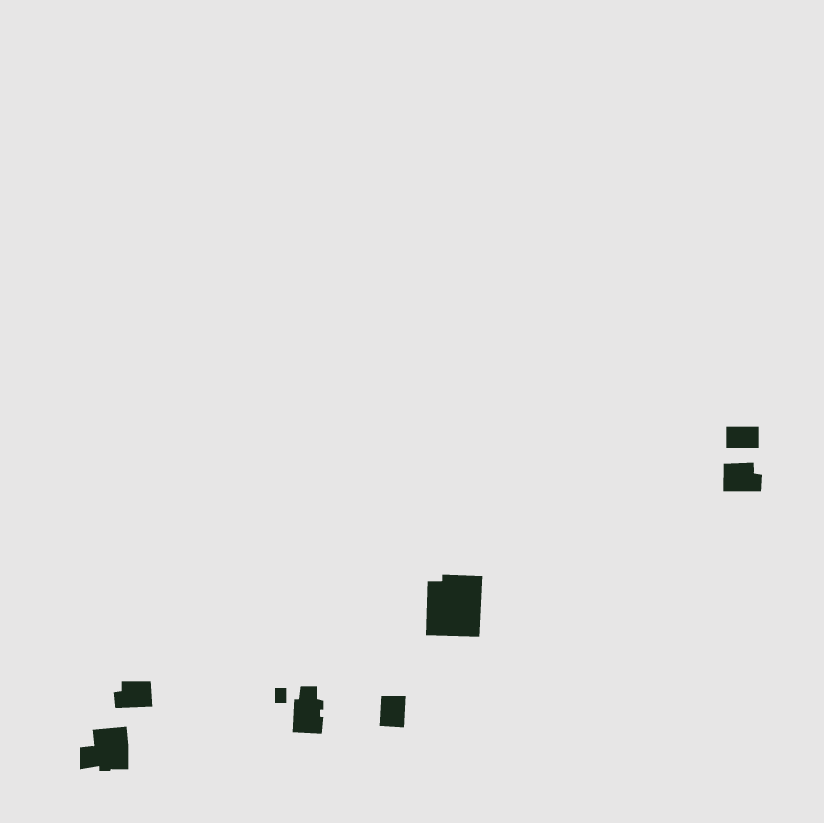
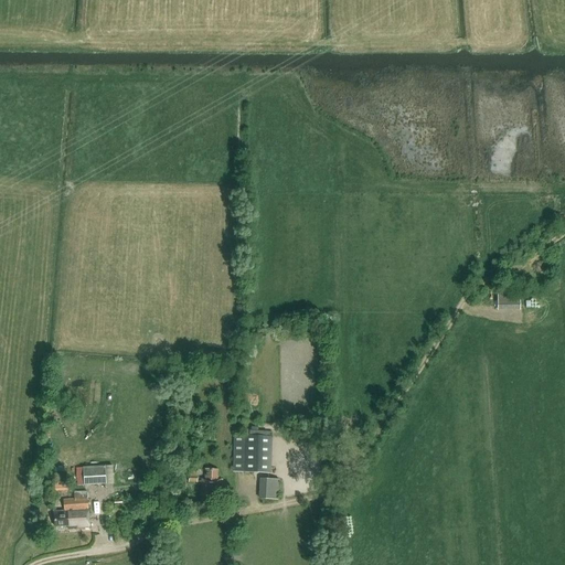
building: [723,462,763,492] -> none
building: [425,574,483,637] -> [233,429,273,472]

